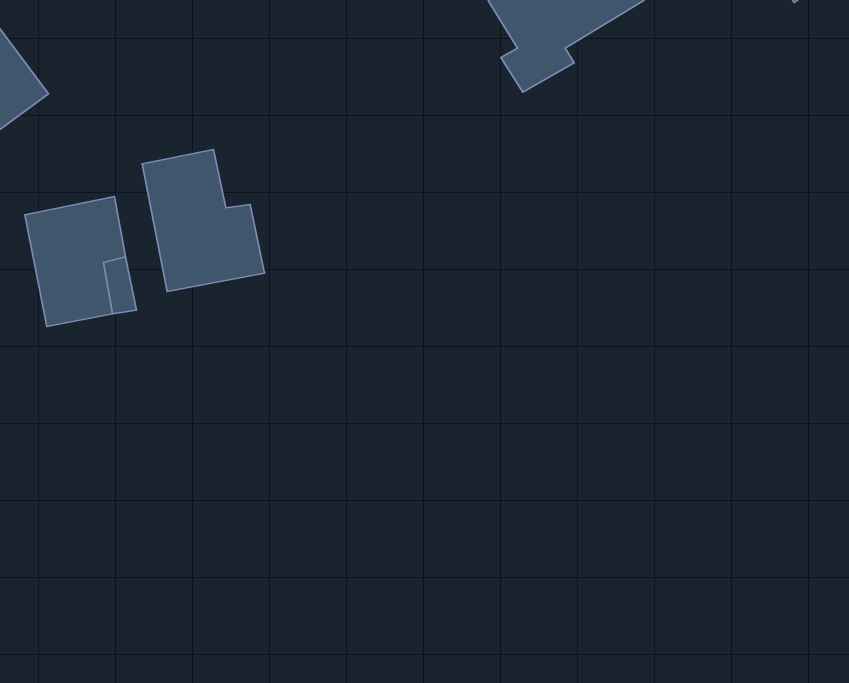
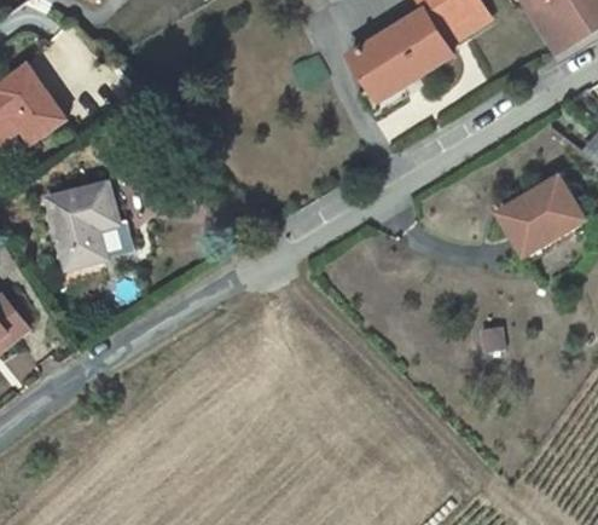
building: [142,150,265,291] -> none
building: none -> [499,177,586,254]

